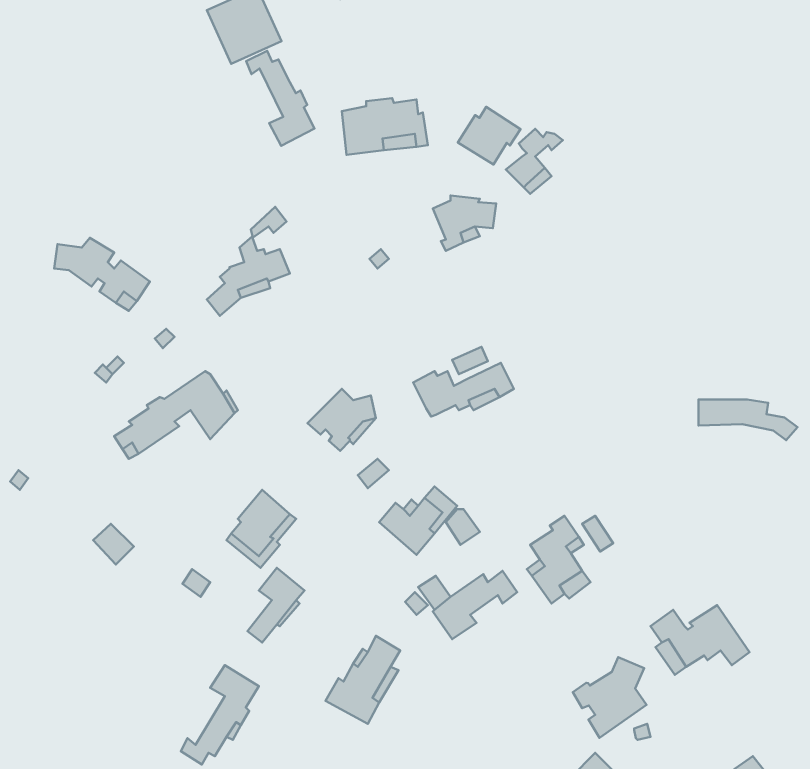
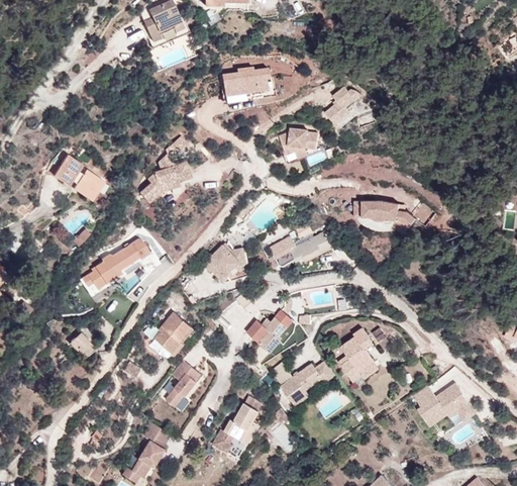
building: [246,51,315,146] -> none
building: [458,107,521,164] -> none
building: [698,400,798,440] -> [354,201,416,226]
building: [573,657,646,738] -> none

